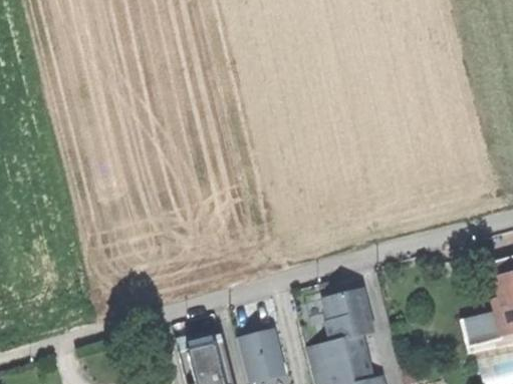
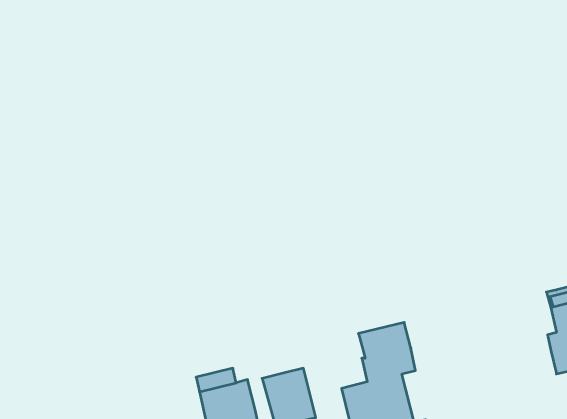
building: [463,315,502,348] -> none

